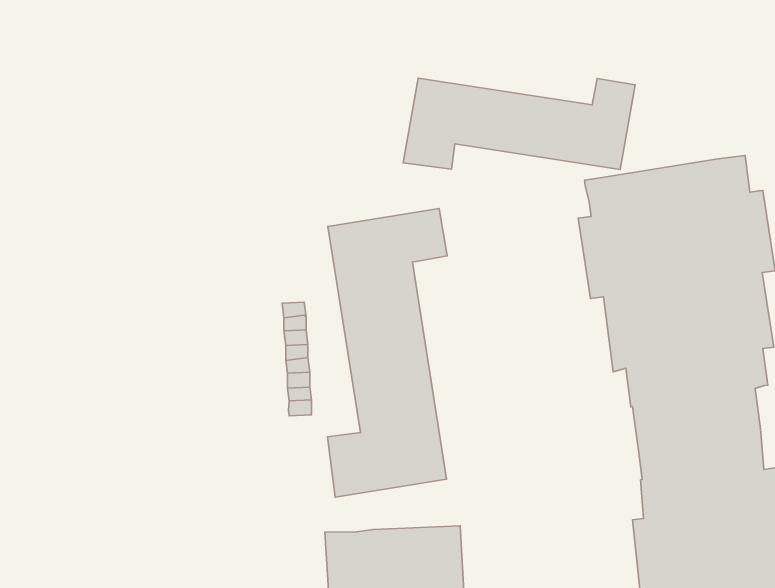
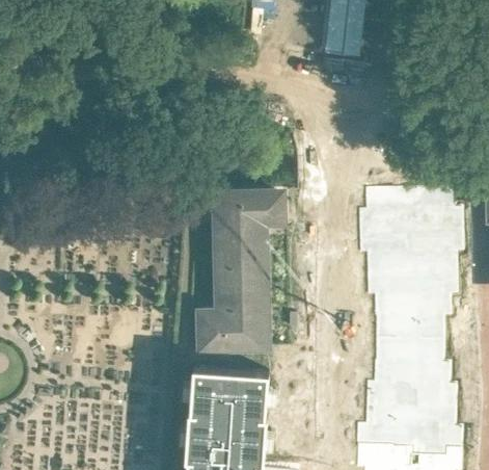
building: [403,78,635,170] -> none

